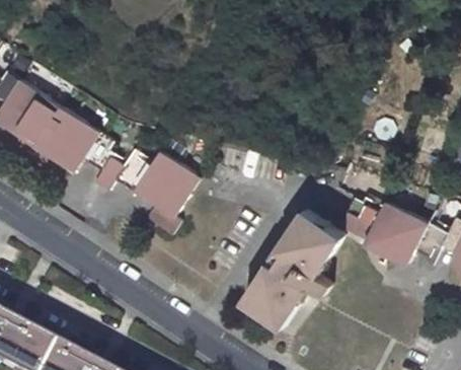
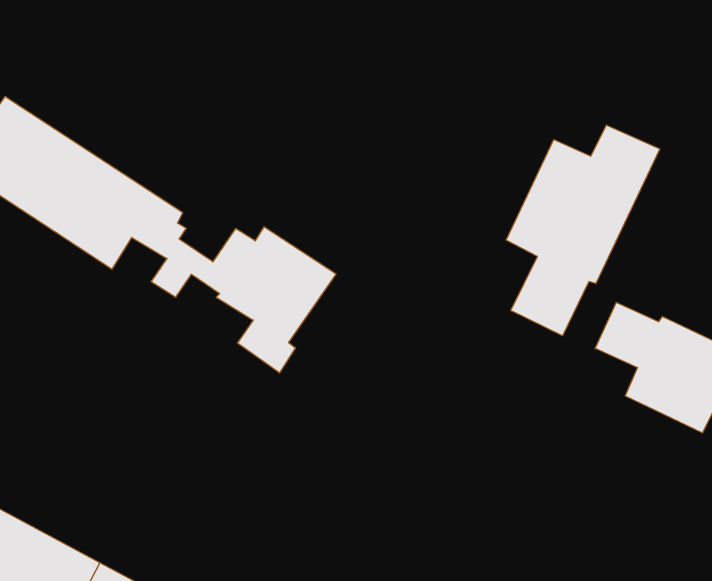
building: none -> [506,125,660,336]
building: [244,211,347,329] -> none

